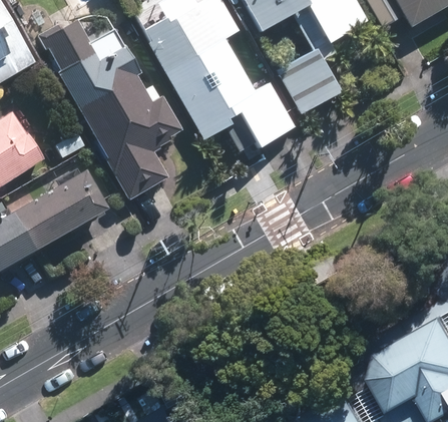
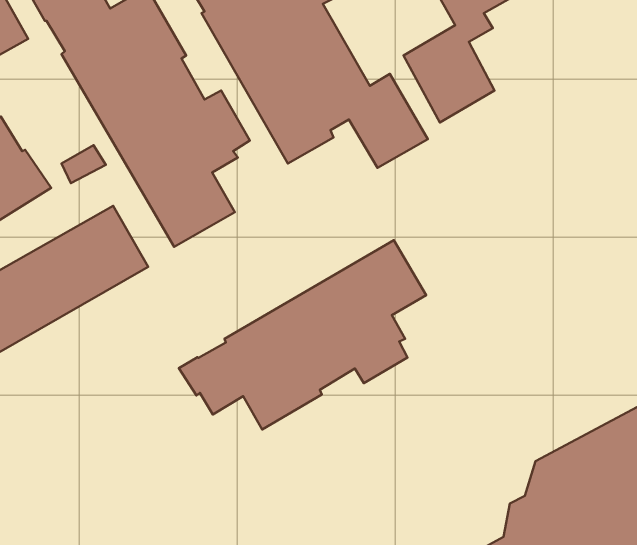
building: none -> [179,240,426,429]

